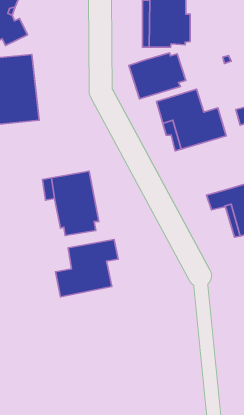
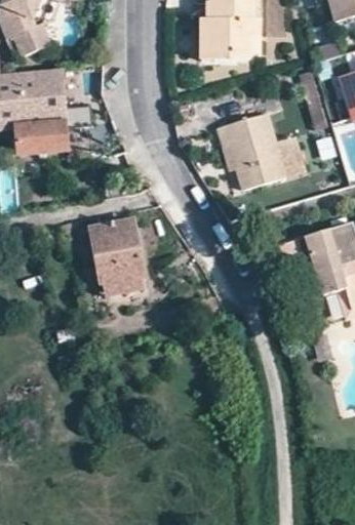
building: [129,53,186,99] -> none
building: [56,239,118,297] -> none

